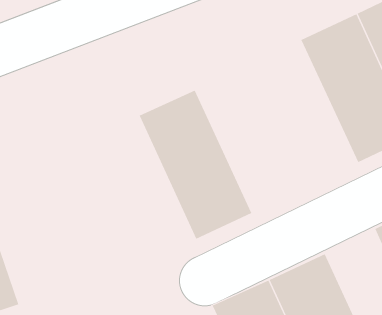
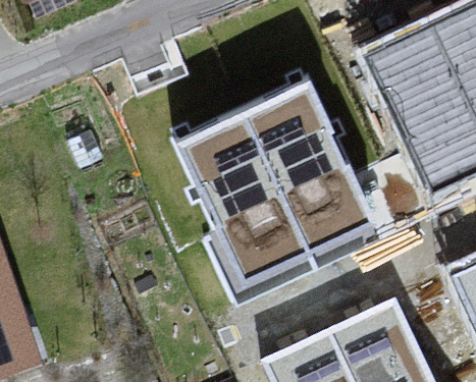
building: none -> [244,79,376,253]

